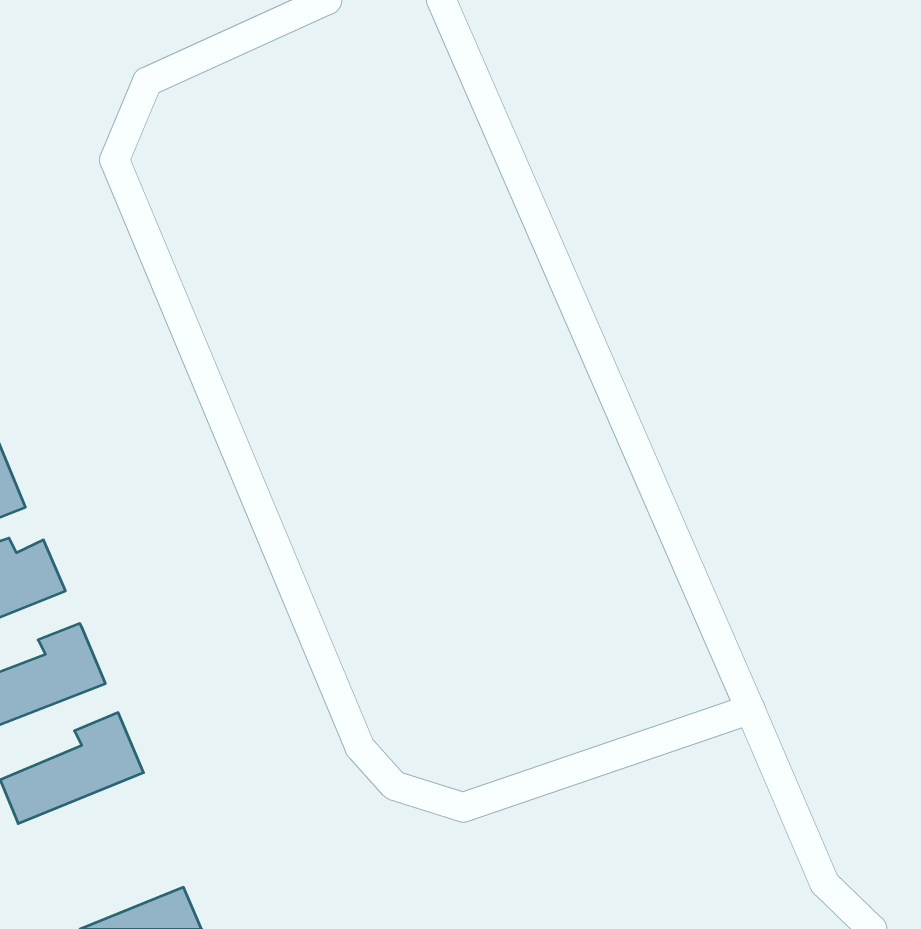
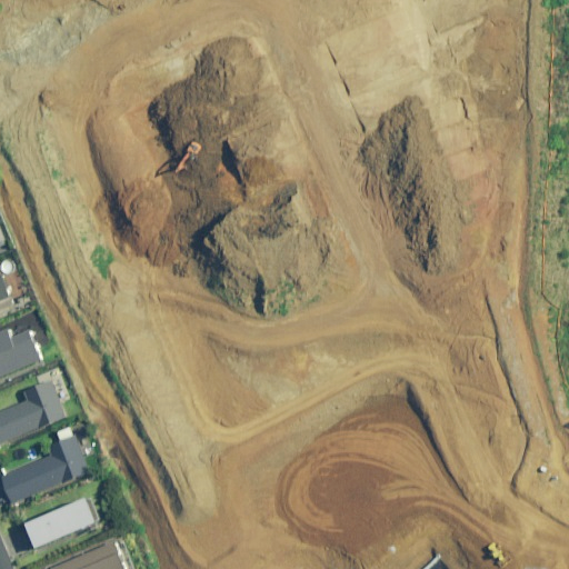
building: none -> [26,498,96,548]

